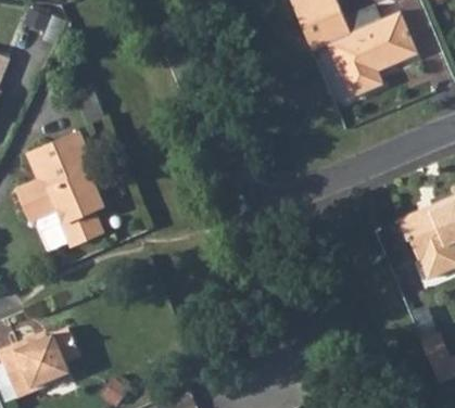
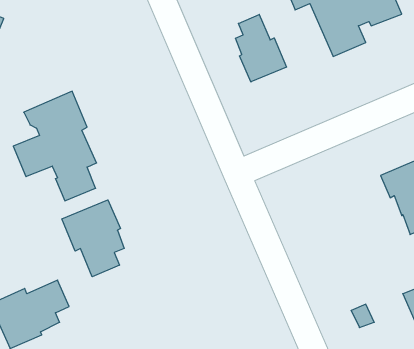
building: none -> [236,14,286,82]
building: none -> [62,200,124,277]

